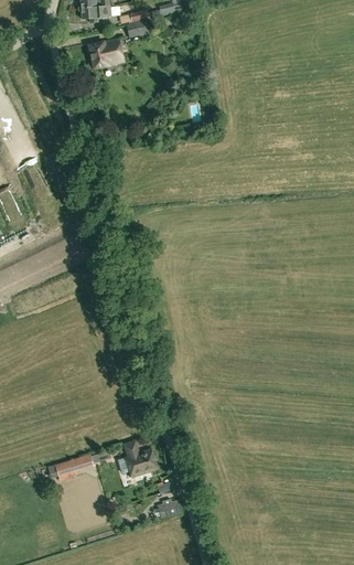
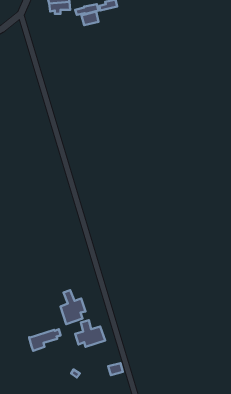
building: [88,39,124,68] -> none
building: none -> [61,290,86,324]

